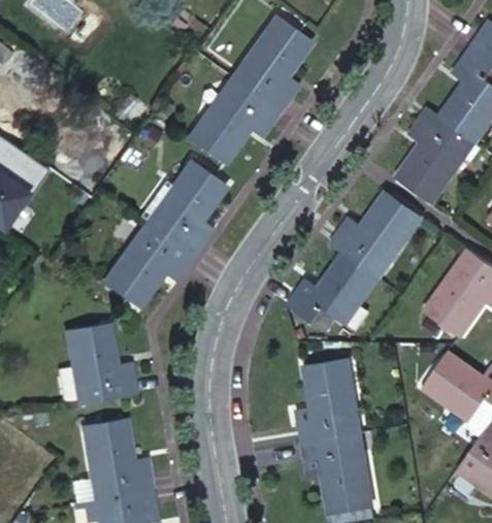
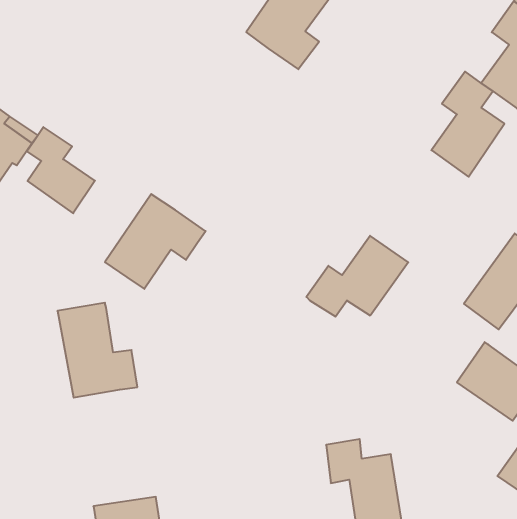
building: [189,90,280,162] -> none
building: [160,157,226,253] -> none
building: none -> [27,127,95,213]
building: [330,194,422,281] -> none
building: [300,358,359,444] -> none
building: [84,416,153,498] -> none

